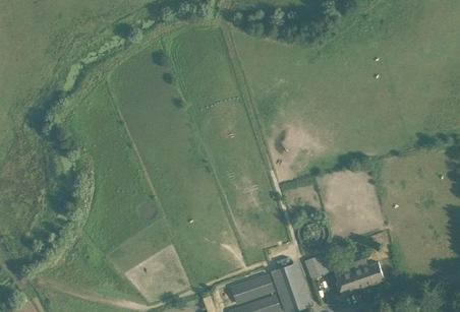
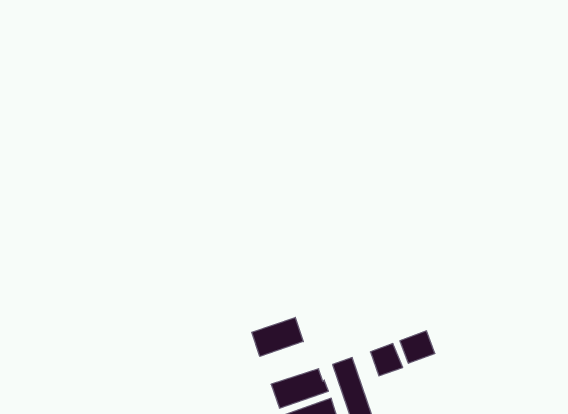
building: none -> [252,317,303,356]
building: [333,263,382,297] -> none

